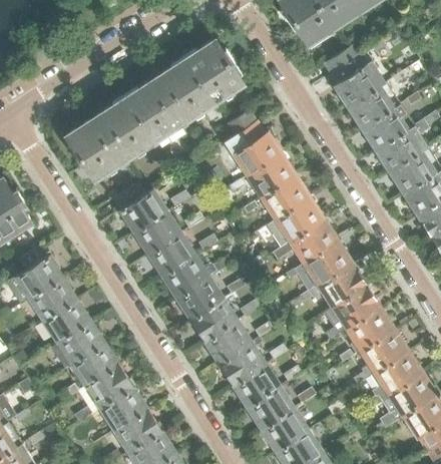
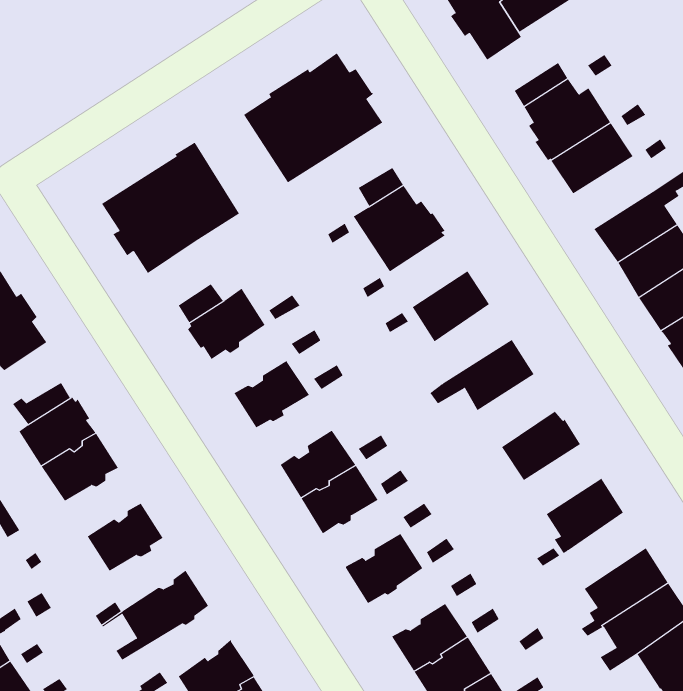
building: [125,79,183,141] -> none
building: [363,105,415,151] -> none
building: [248,155,297,200] -> none
building: [267,198,325,249] -> none
building: [135,211,183,255] -> none
building: [287,243,353,289] -> none
building: [163,256,233,300] -> none
building: [332,287,380,331] -> none
building: [43,302,91,345] -> none
building: [206,322,255,364] -> none
building: [354,330,409,387] -> none
building: [71,346,119,388] -> none
building: [235,365,283,408] -> none
building: [79,389,147,433] -> none

